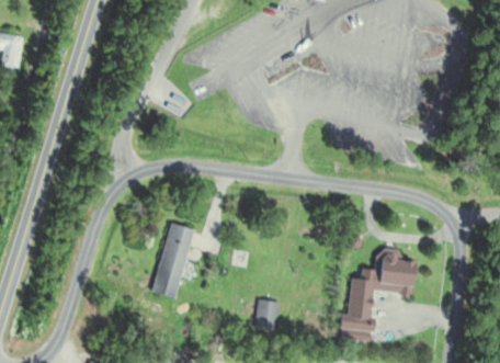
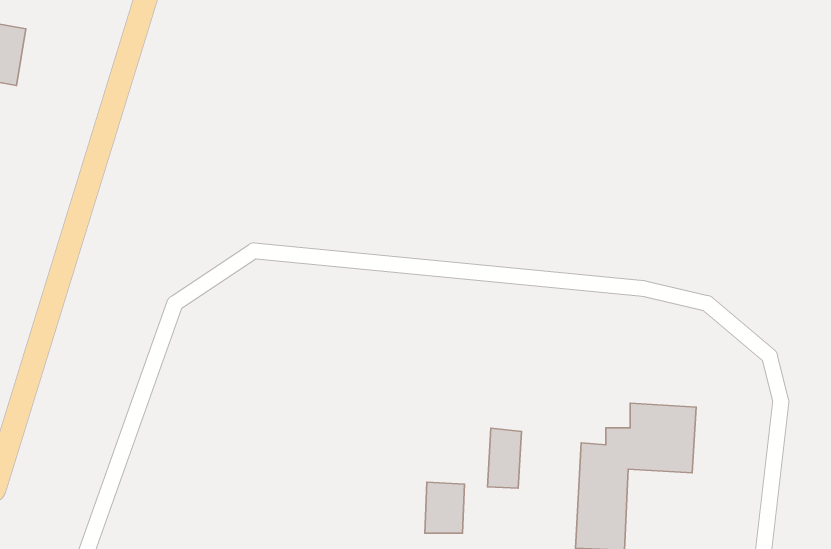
building: [151,223,193,299] -> none
building: none -> [488,428,521,488]

